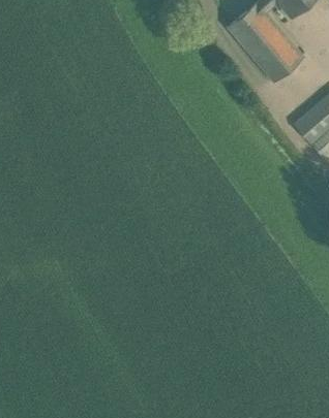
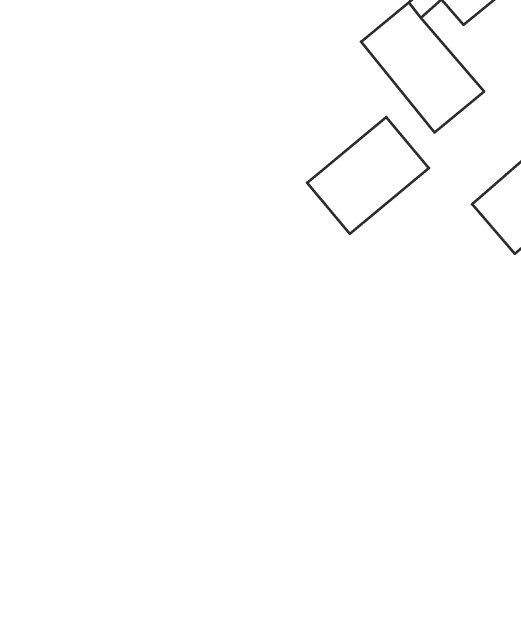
building: none -> [307,117,429,234]

